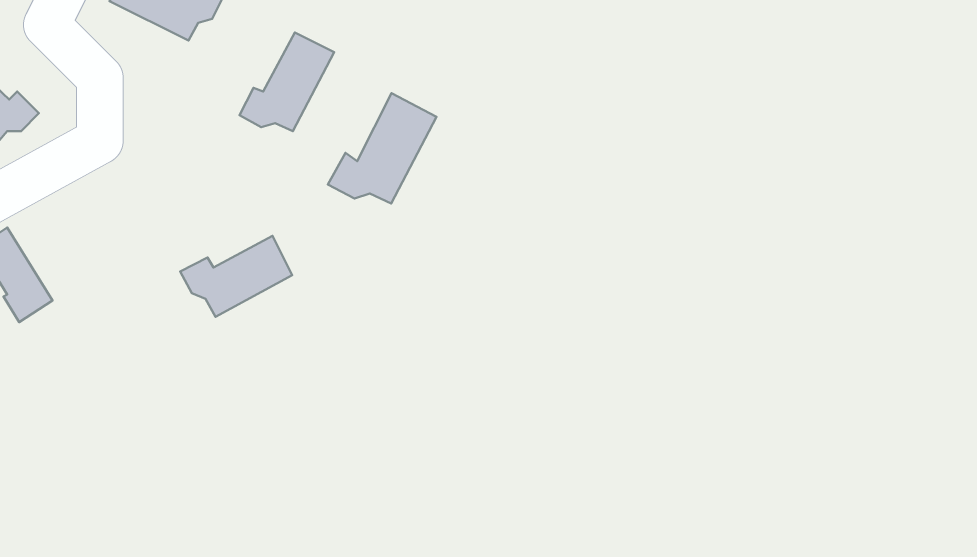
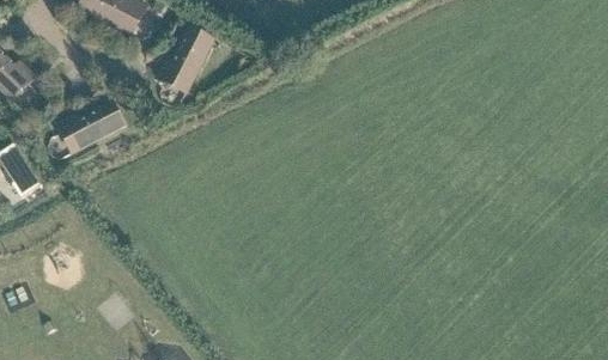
building: [328,93,437,203] -> none
building: [180,236,292,317] -> [57,102,126,151]

